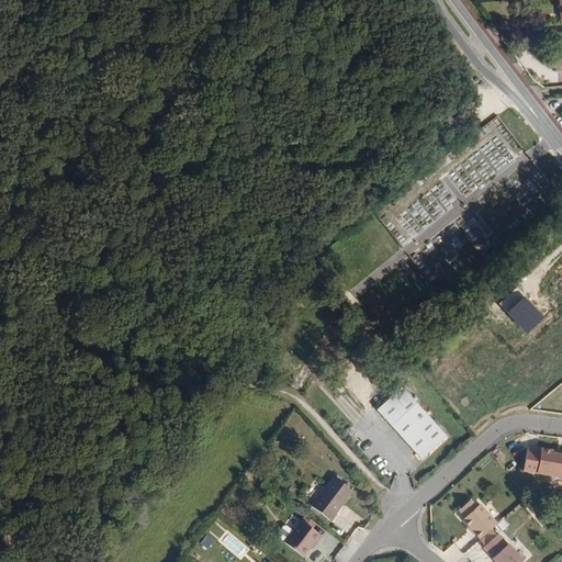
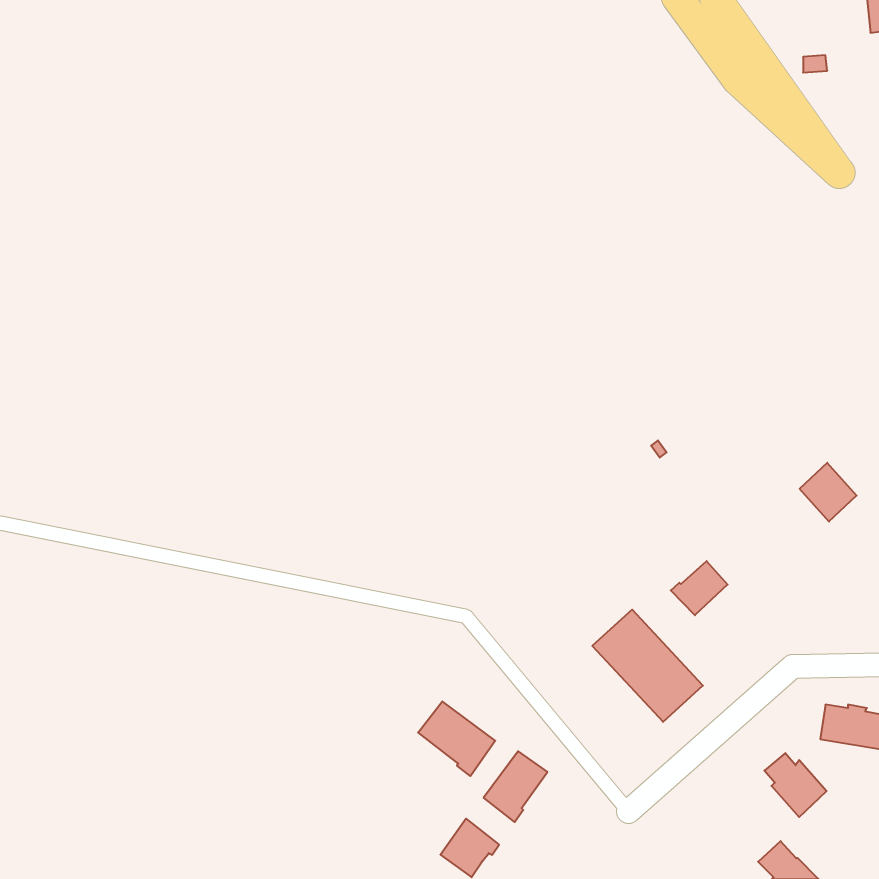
building: none -> [671,561,728,615]
building: none -> [418,701,495,776]
building: [459,499,498,540] -> [764,753,827,817]

